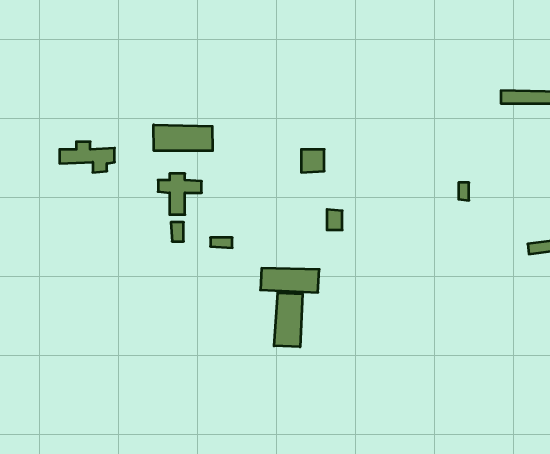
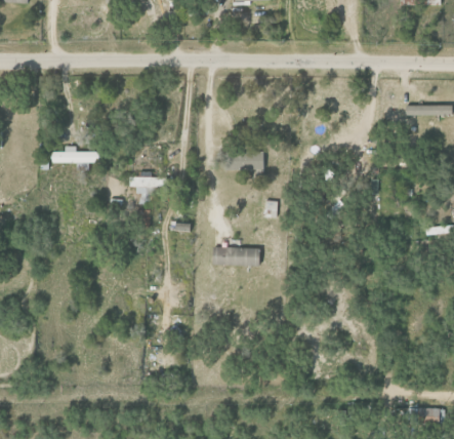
building: [154,125,213,151] -> none
building: [274,293,302,347] -> none

